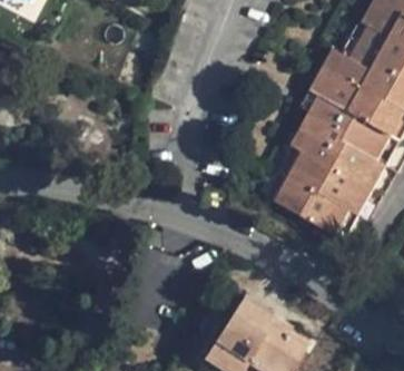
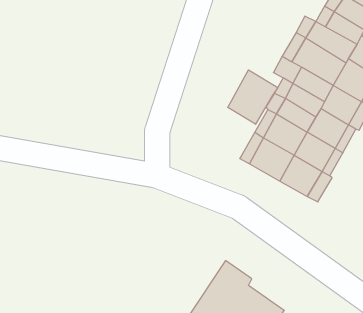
building: none -> [228,70,278,124]

